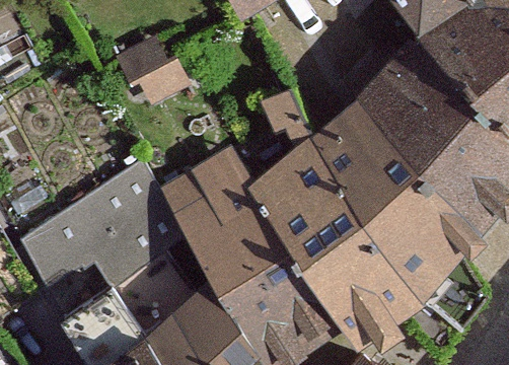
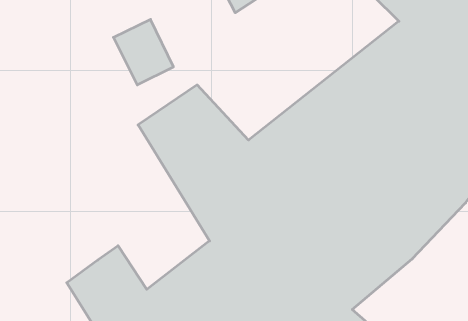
building: [19,166,186,295] -> none

